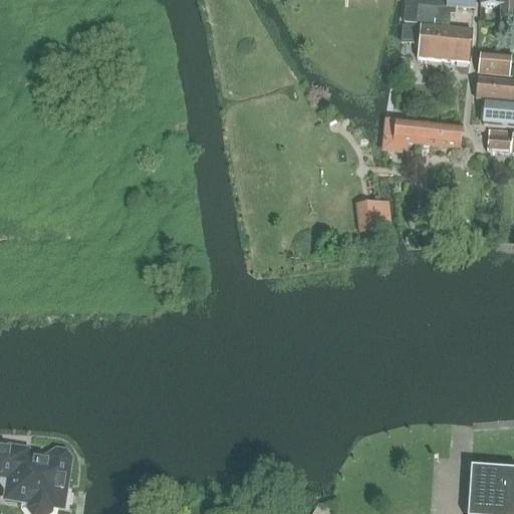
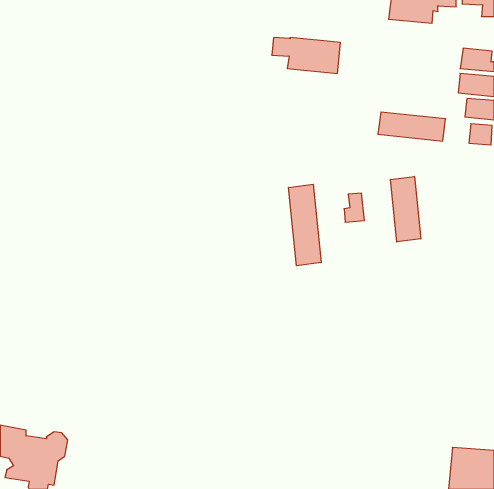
building: [401,23,472,60] -> [272,38,340,73]
building: none -> [390,176,421,242]
building: none -> [289,184,321,266]

